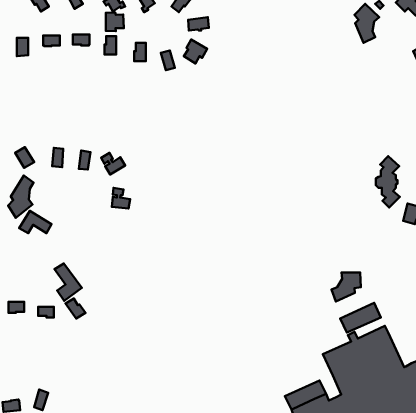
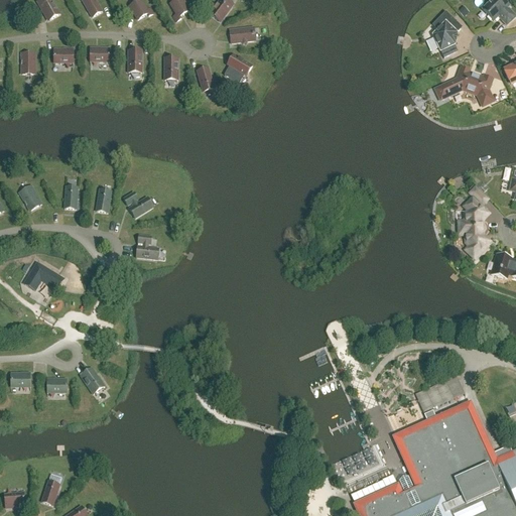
building: [106,13,124,31] -> none
building: none -> [436,67,493,104]
building: [8,176,34,218] -> none
building: [55,263,82,301] -> none
building: [331,273,361,301] -> none

